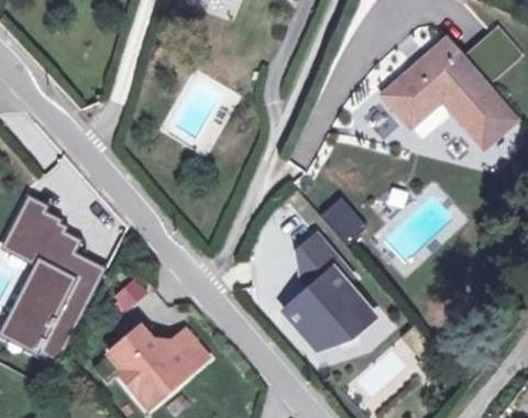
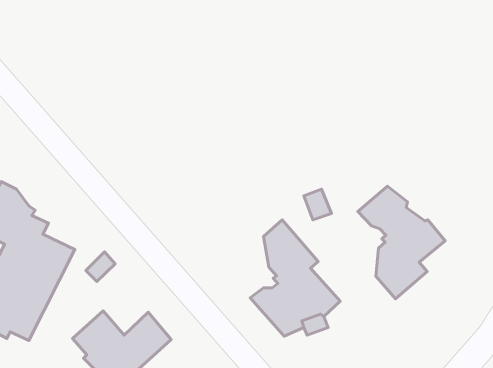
building: [381,42,512,146] -> none
building: none -> [358,186,445,299]

